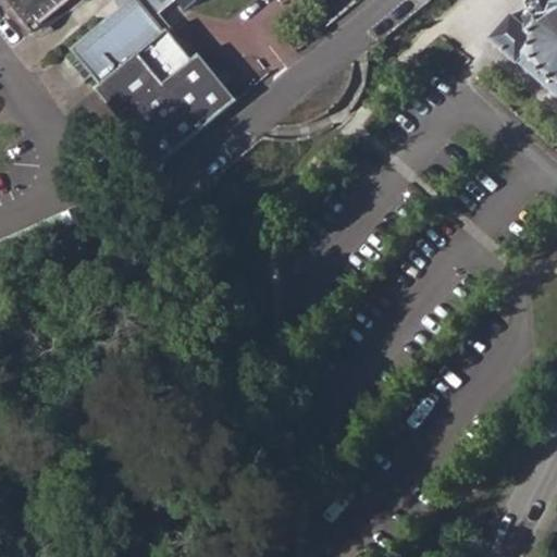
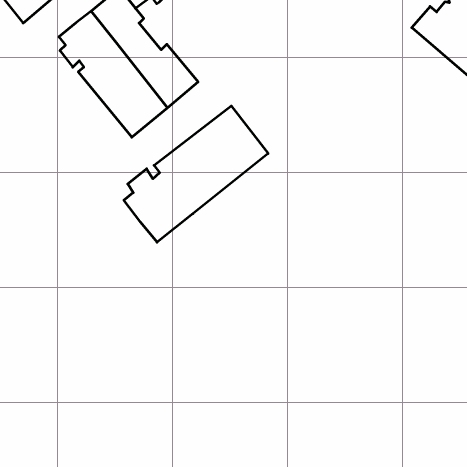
building: none -> [124,106,268,242]

